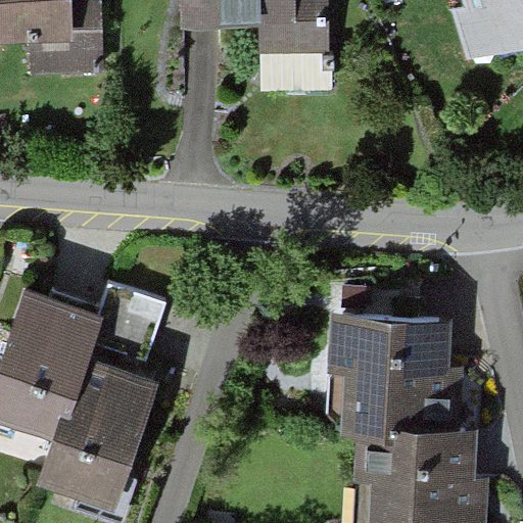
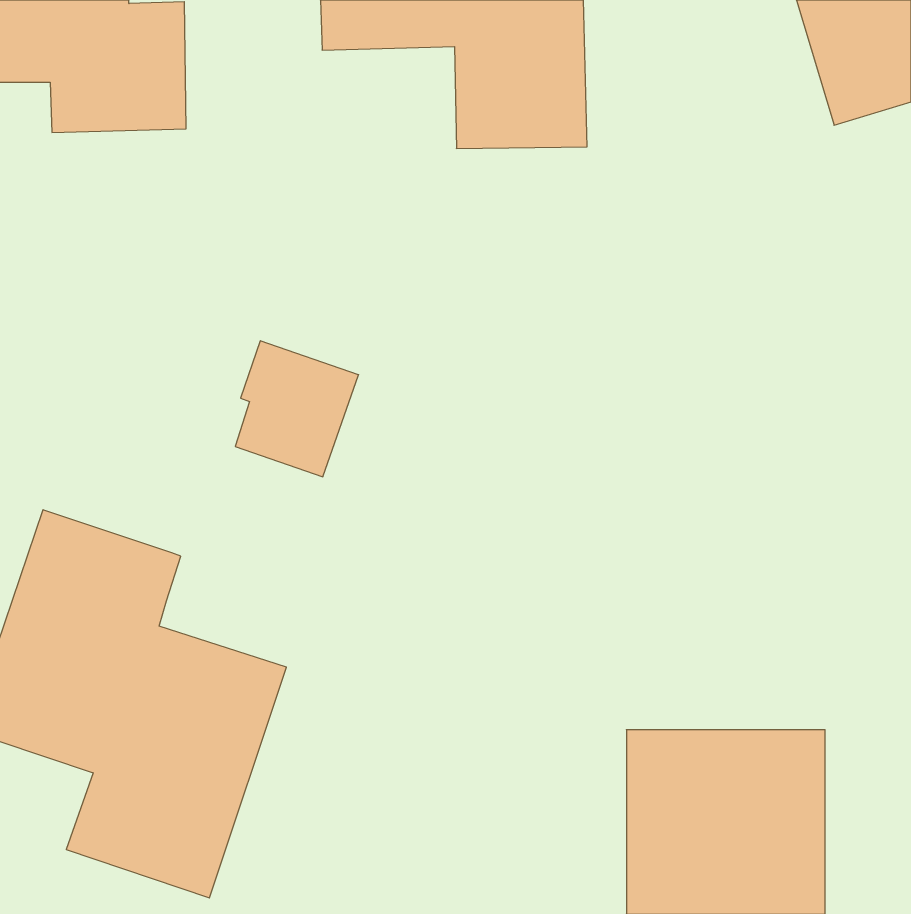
building: [95,283,165,361] -> [235,341,359,477]
building: [322,302,435,417] -> none

